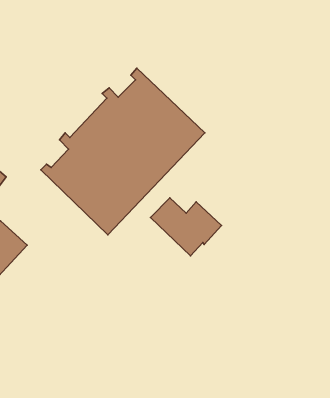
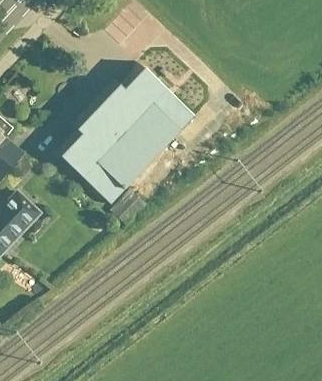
building: [151,198,222,256] -> none

